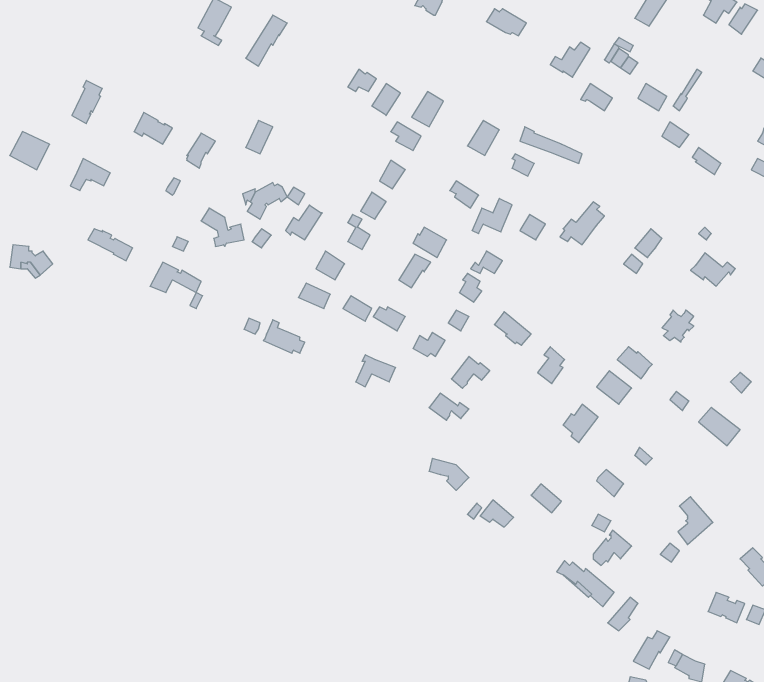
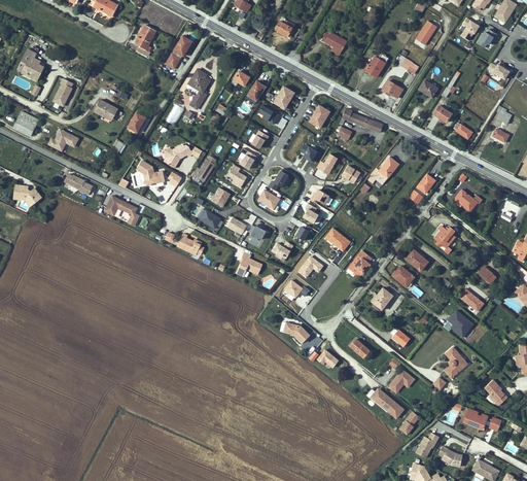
building: none -> [20,49,44,80]
building: none -> [187,69,210,109]
building: none -> [444,310,473,337]

